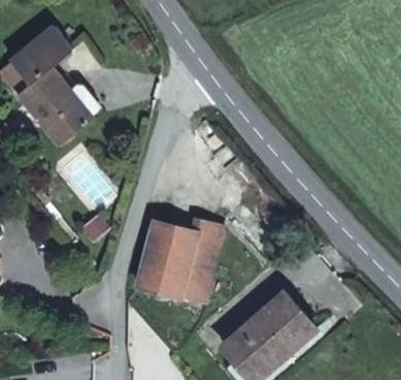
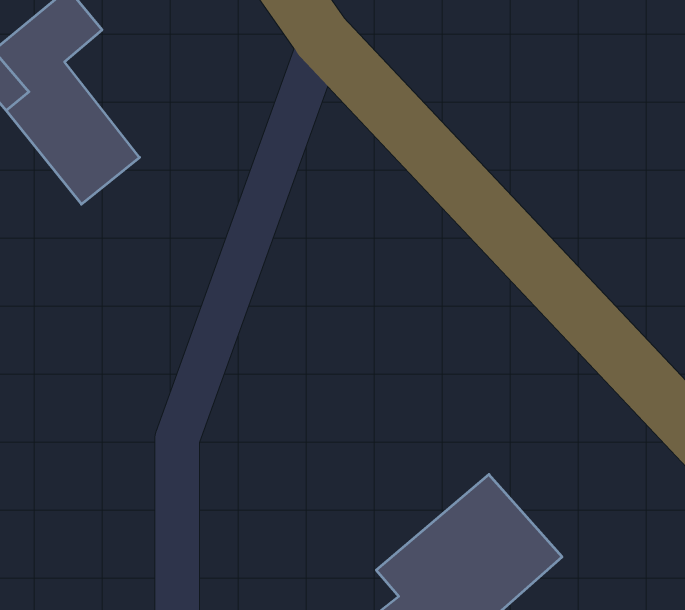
building: [137,218,223,298] -> none

